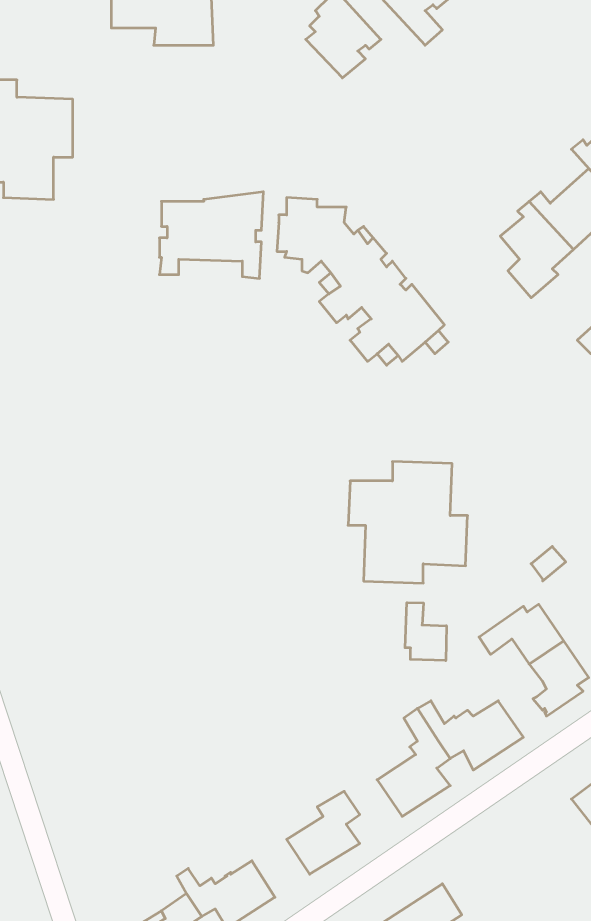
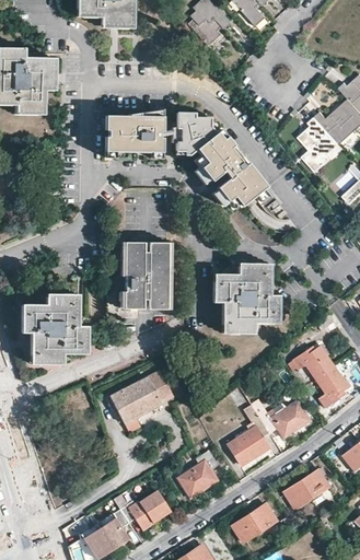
building: none -> [123,242,165,310]
building: none -> [22,293,89,364]
building: [405,603,446,661] -> none
building: none -> [111,369,175,433]
building: none -> [284,469,329,509]

